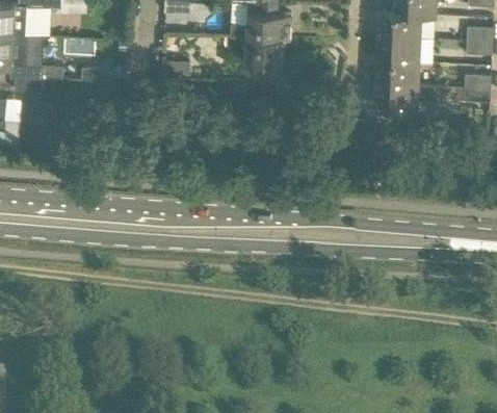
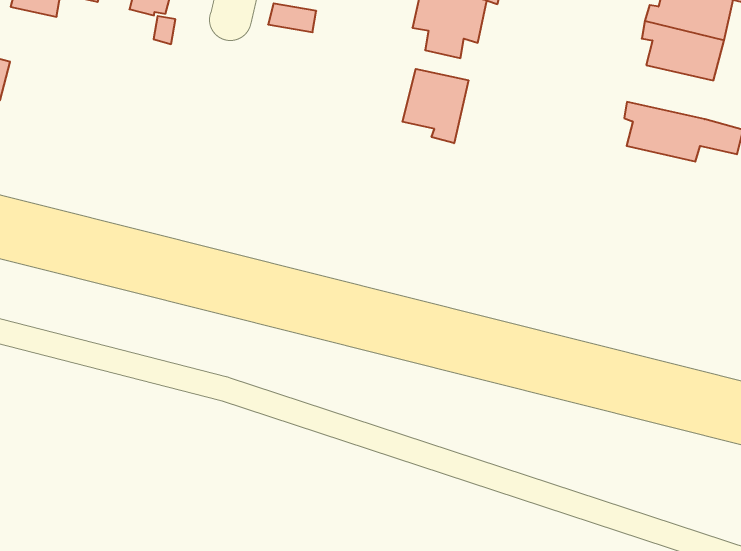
building: [372,59,419,84] -> none
building: none -> [402,69,468,143]

